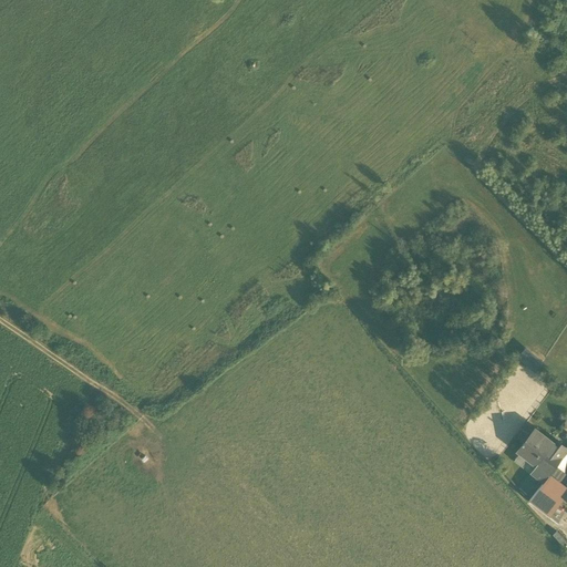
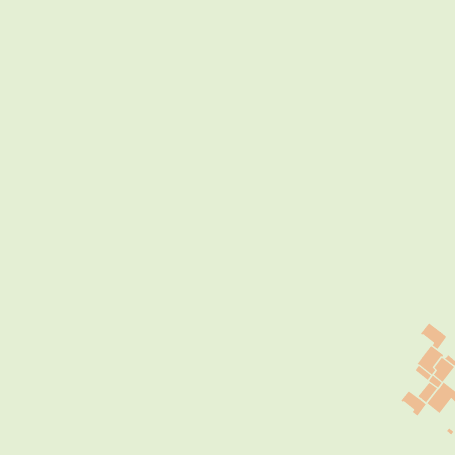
building: none -> [420,323,448,350]
building: none -> [401,390,427,416]

